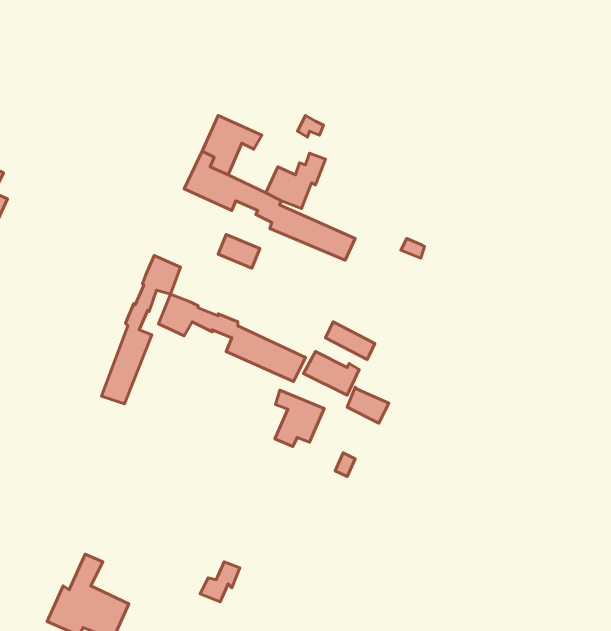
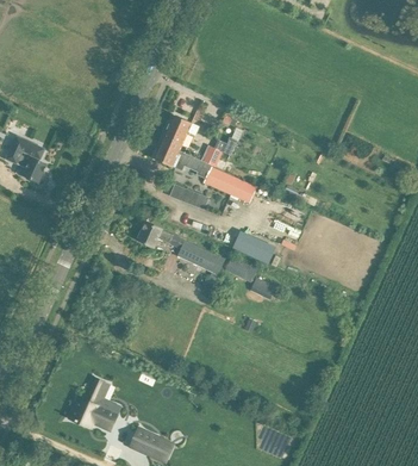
building: [102,256,181,404] -> none
building: [275,390,324,447] -> none

